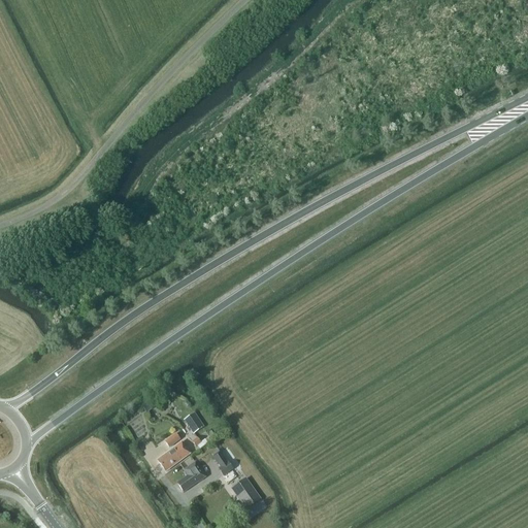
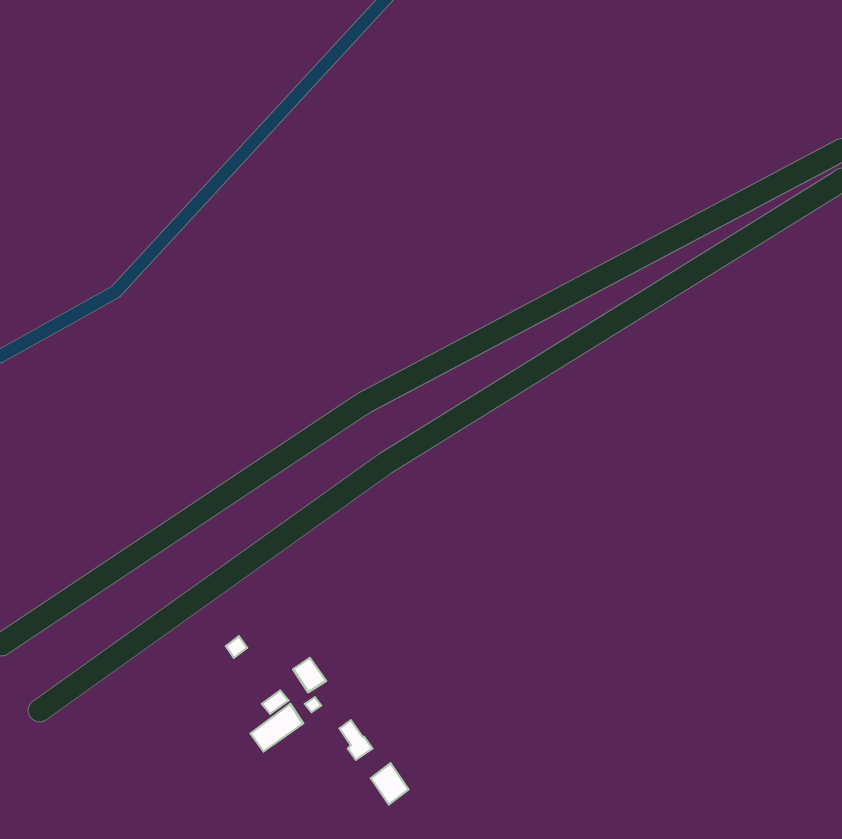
building: [177,462,206,491] -> none

